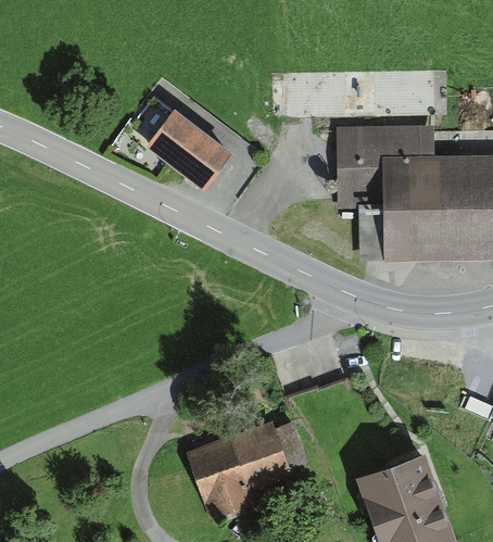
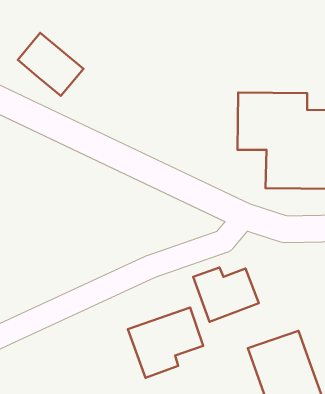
building: [141,108,230,193] -> [18,33,83,96]
building: none -> [193,268,259,322]

